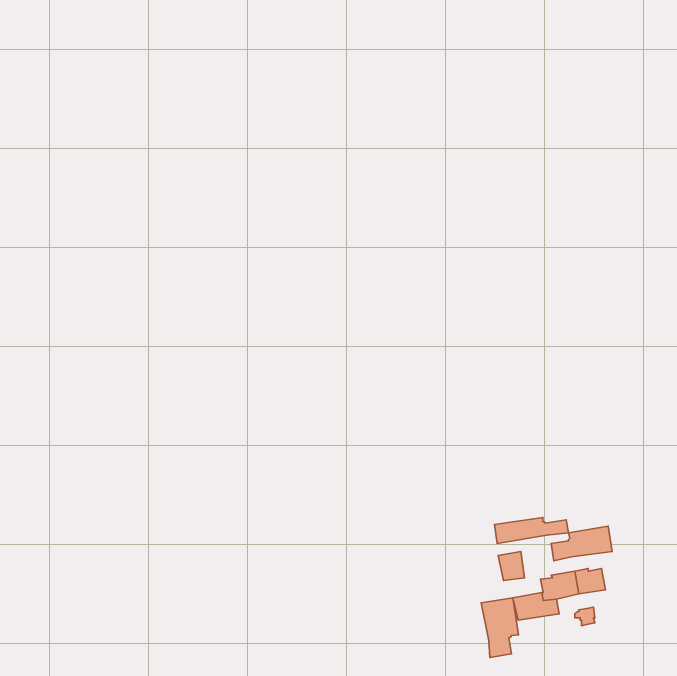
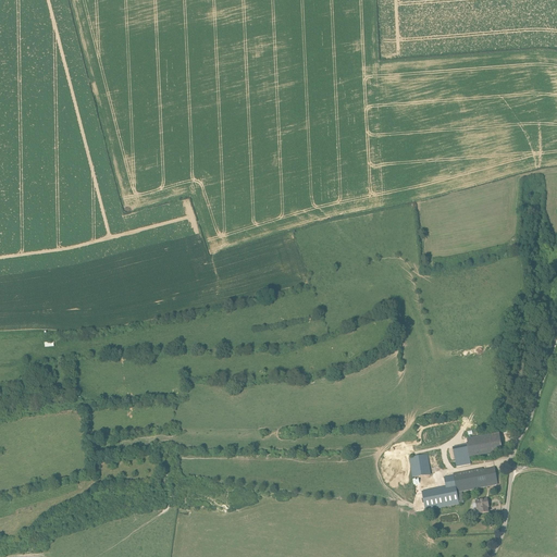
building: [494,517,568,544] -> none
building: [481,598,518,657] -> none

